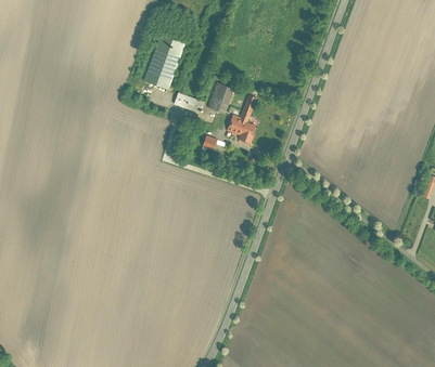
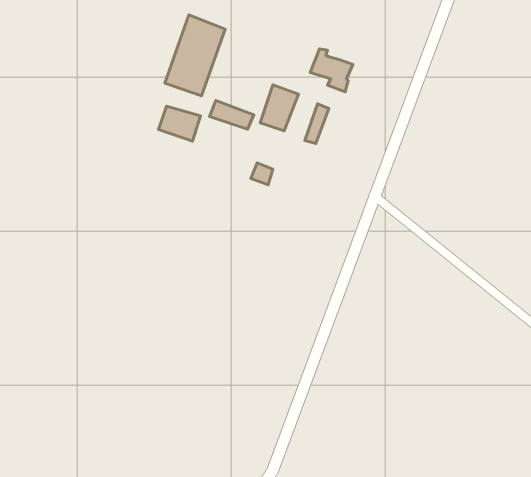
building: none -> [158,106,200,141]
building: [226,115,255,144] -> [310,49,353,92]

